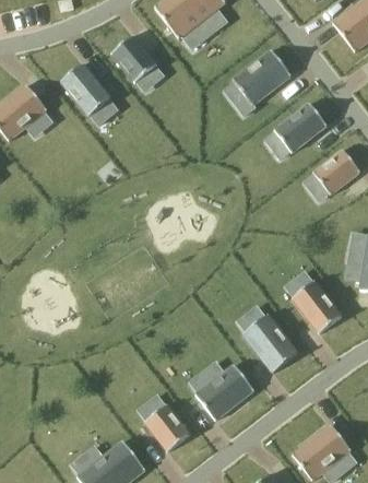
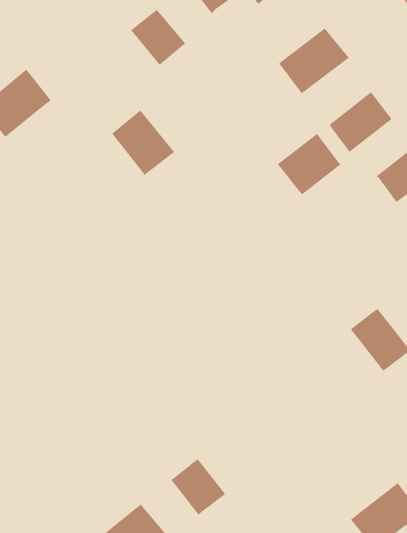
building: [62,60,115,115] -> [111,109,175,176]
building: none -> [277,133,342,196]
building: [244,313,299,372] -> none
building: [197,363,256,420] -> none

